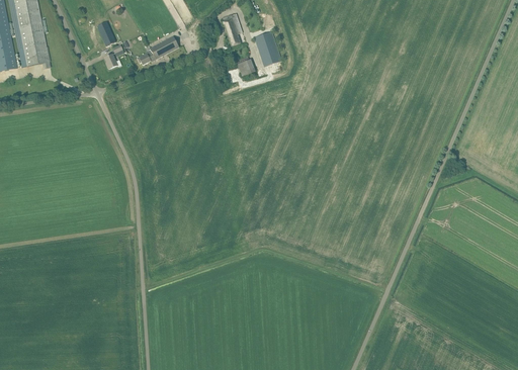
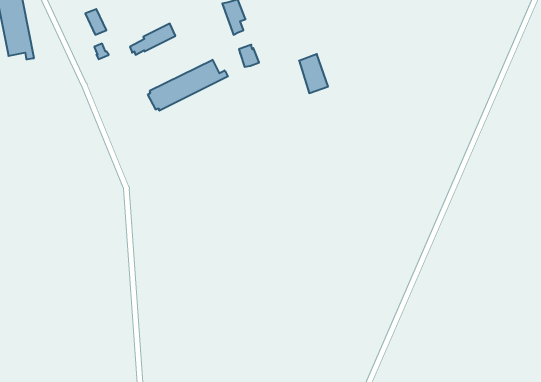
building: [254,30,280,66] -> [299,54,328,93]
building: none -> [148,60,228,111]

